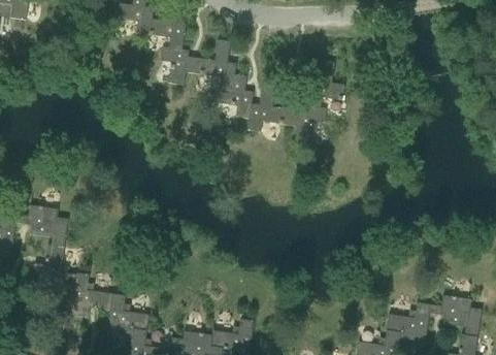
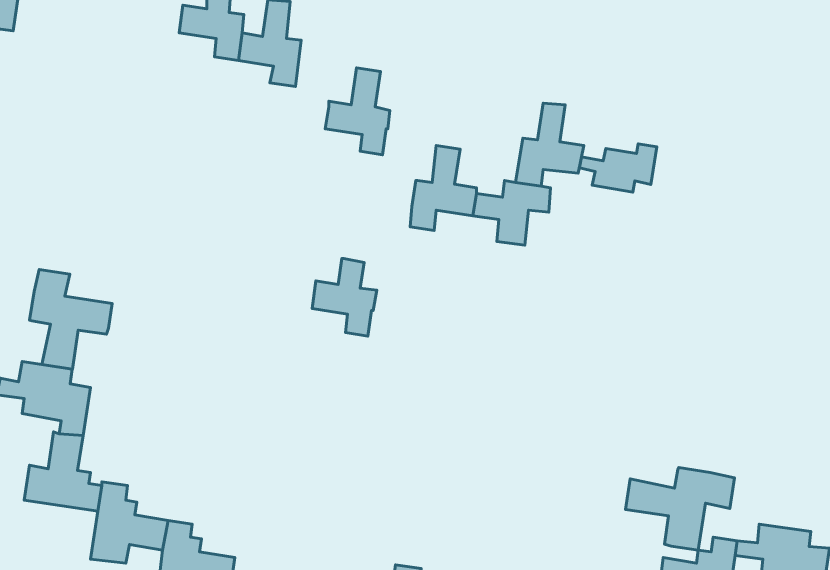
building: [162,47,202,86] -> none
building: [218,74,254,118] -> [312,259,377,336]
building: none -> [579,144,657,192]
building: none -> [29,269,112,369]
building: none -> [626,467,735,550]

